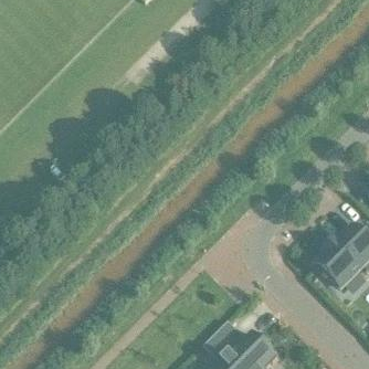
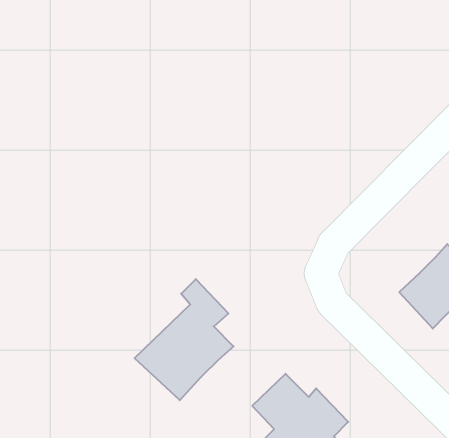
building: none -> [135,279,234,400]

